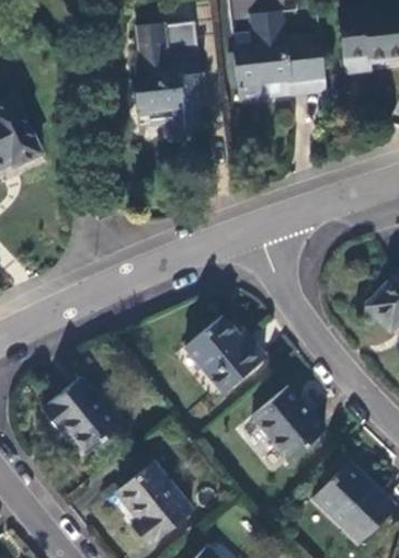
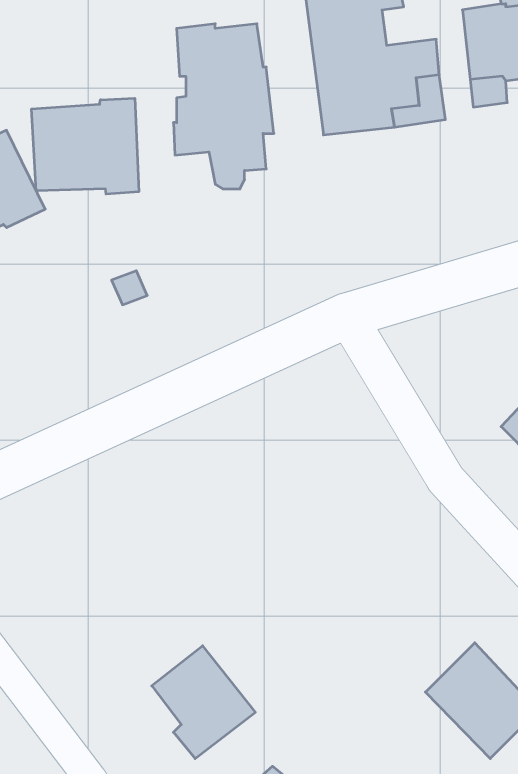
building: none -> [32,98,139,194]
building: [185,316,264,391] -> none
building: [42,374,123,453] -> none
building: [253,387,323,458] -> none

